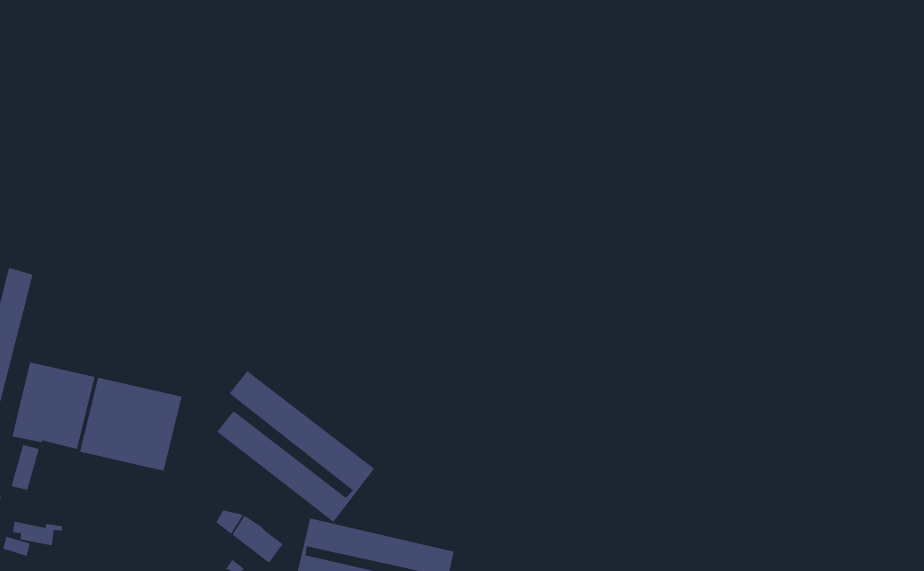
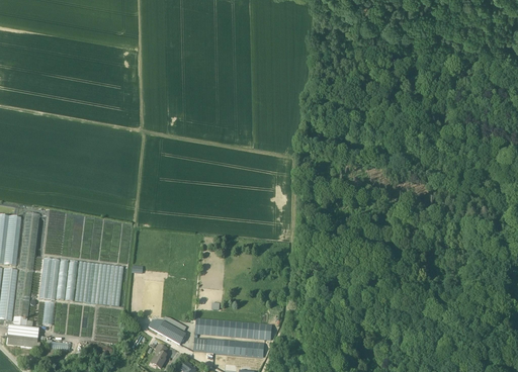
building: [216,370,375,523] -> none

